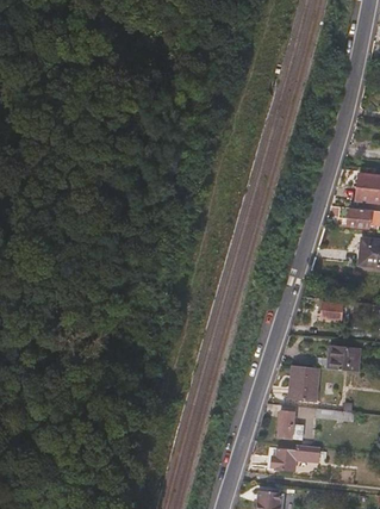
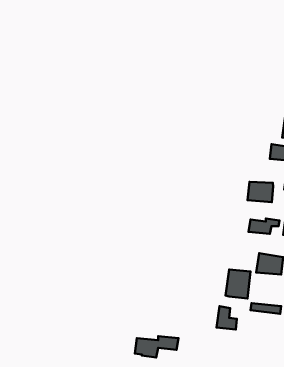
building: none -> [247,182,273,202]
building: [268,441,322,467] -> [135,336,178,357]

